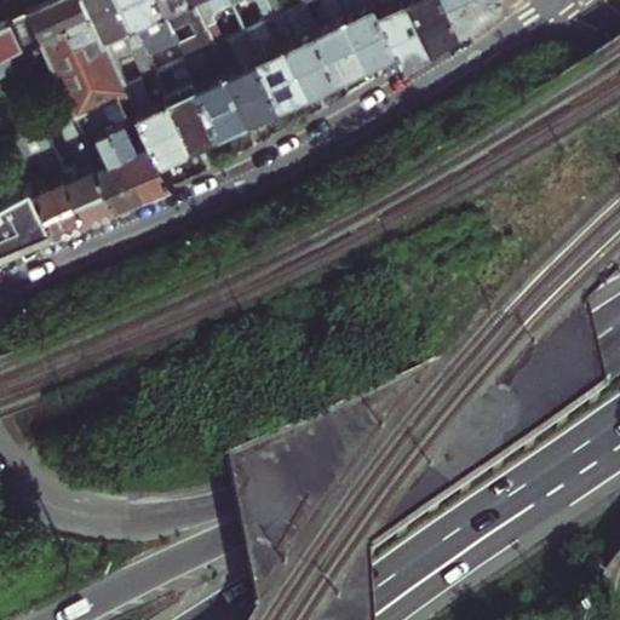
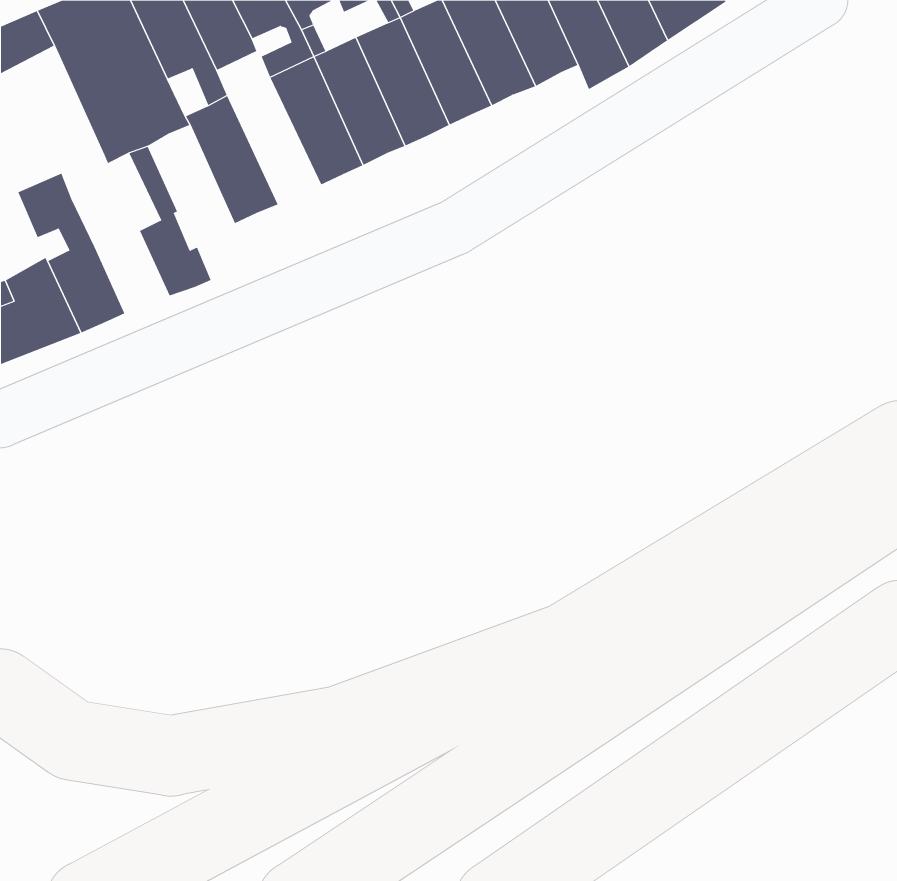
building: [159,67,223,154] -> none
building: [104,105,176,206] -> none
building: [45,120,119,229] -> none

